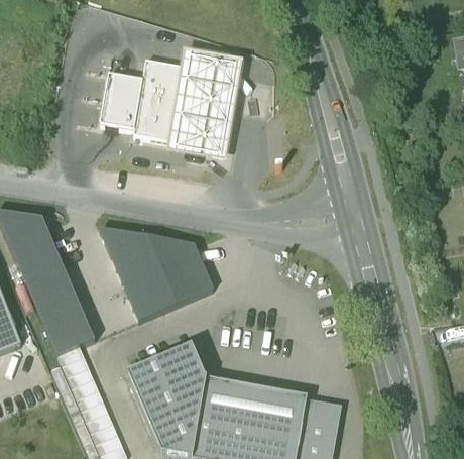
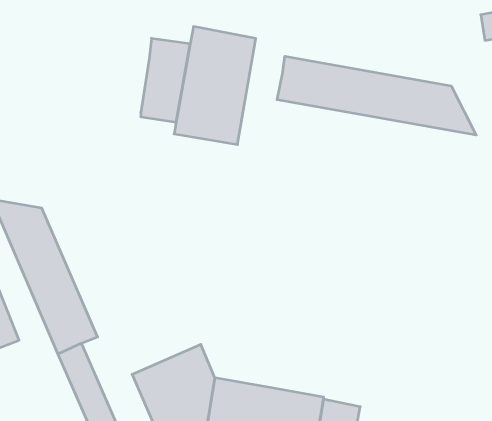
building: [99,72,142,128] -> none
building: none -> [277,56,476,135]
building: [99,228,213,320] -> none

